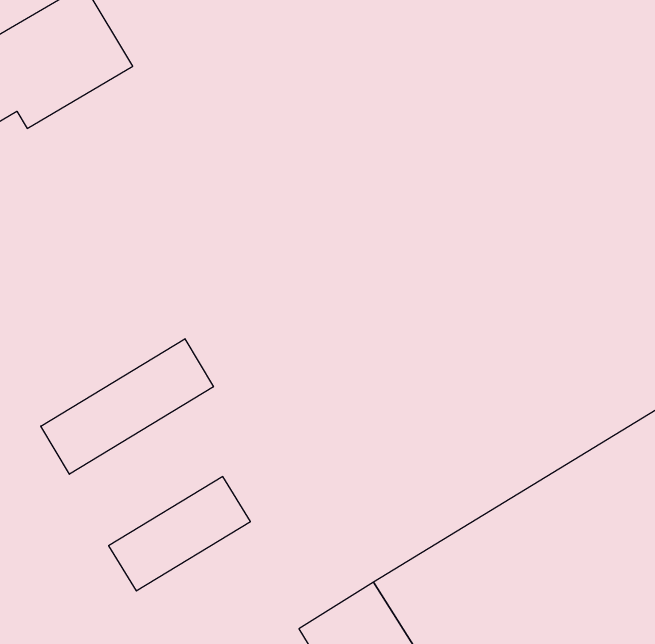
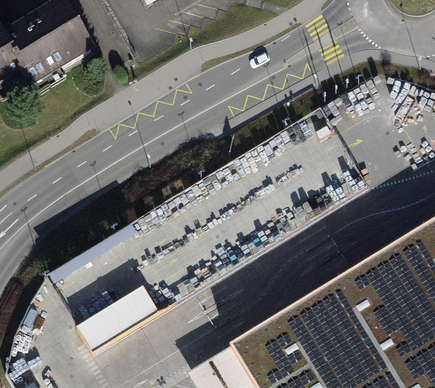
building: [41,339,213,474] -> none

